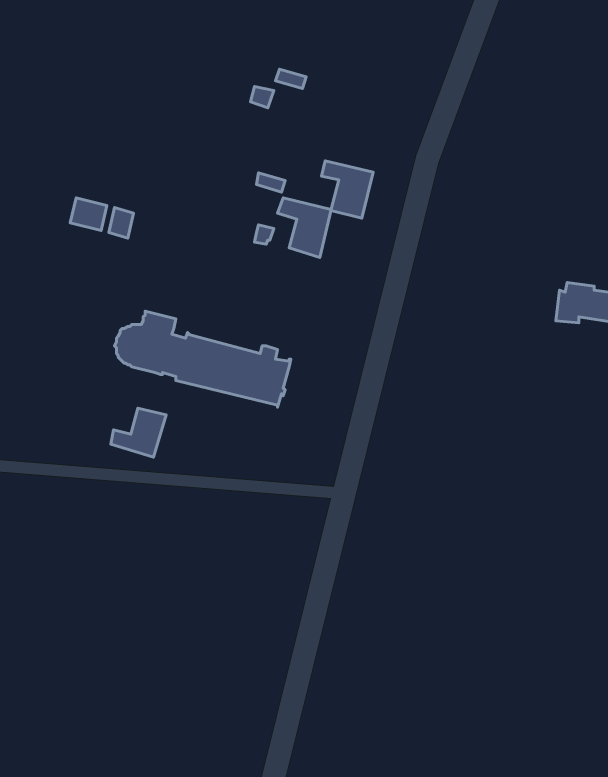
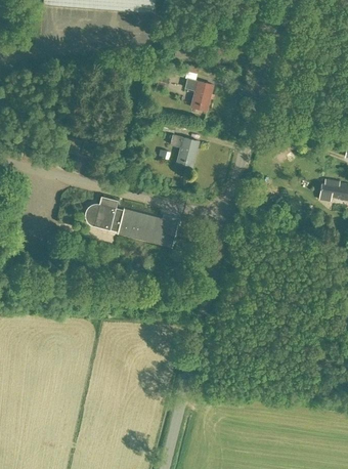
building: [321,161,373,218] -> [185,79,213,110]
building: [111,408,166,457] -> none

